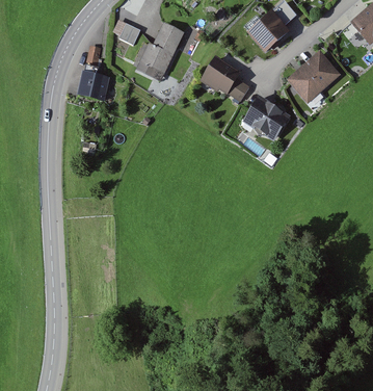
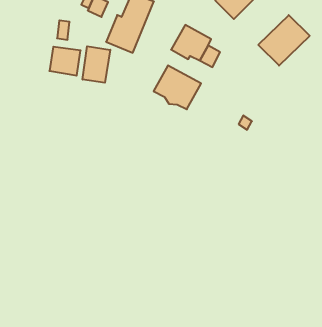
building: none -> [83,46,110,83]
building: [242,96,290,140] -> [154,65,201,109]

